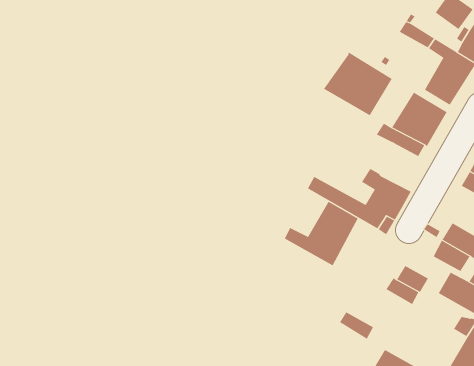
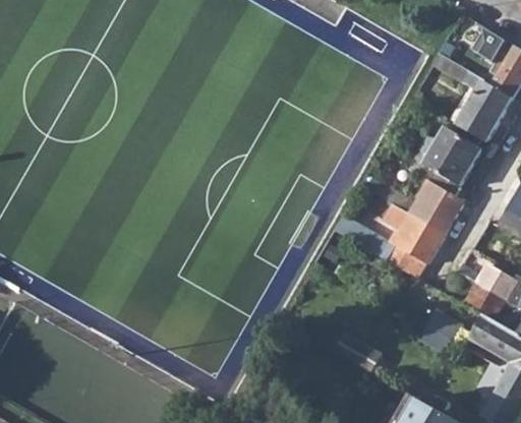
building: [323,52,392,116] -> none
building: none -> [408,181,461,232]
building: [284,201,359,266] -> none

